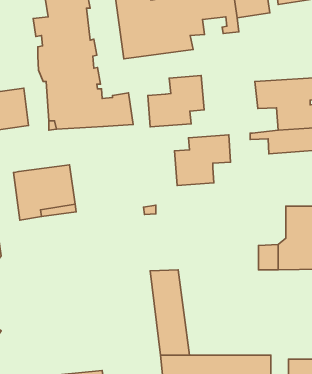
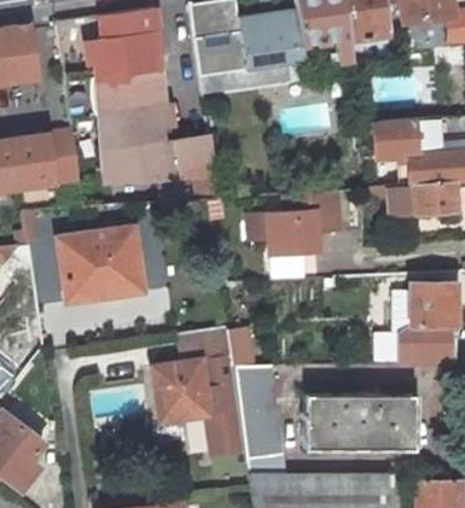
building: [148,76,204,127] -> none
building: none -> [153,327,246,460]
building: none -> [306,396,414,450]

